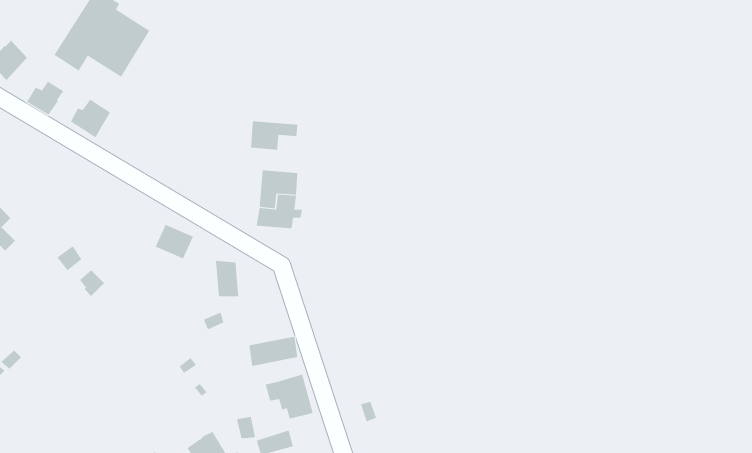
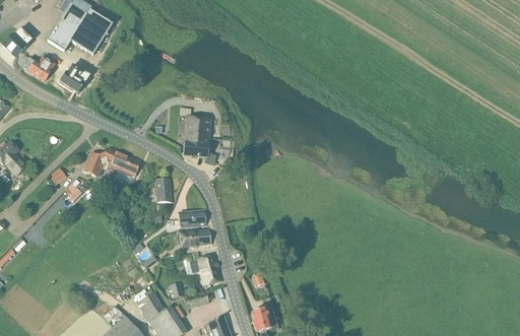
building: [250,121,298,150] -> none
building: none -> [83,146,122,177]
building: none -> [179,209,205,227]

